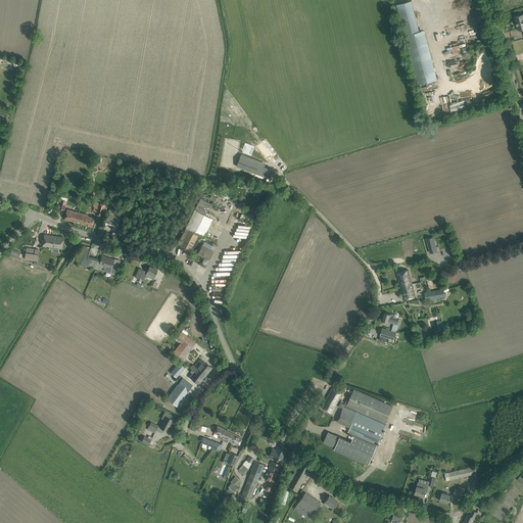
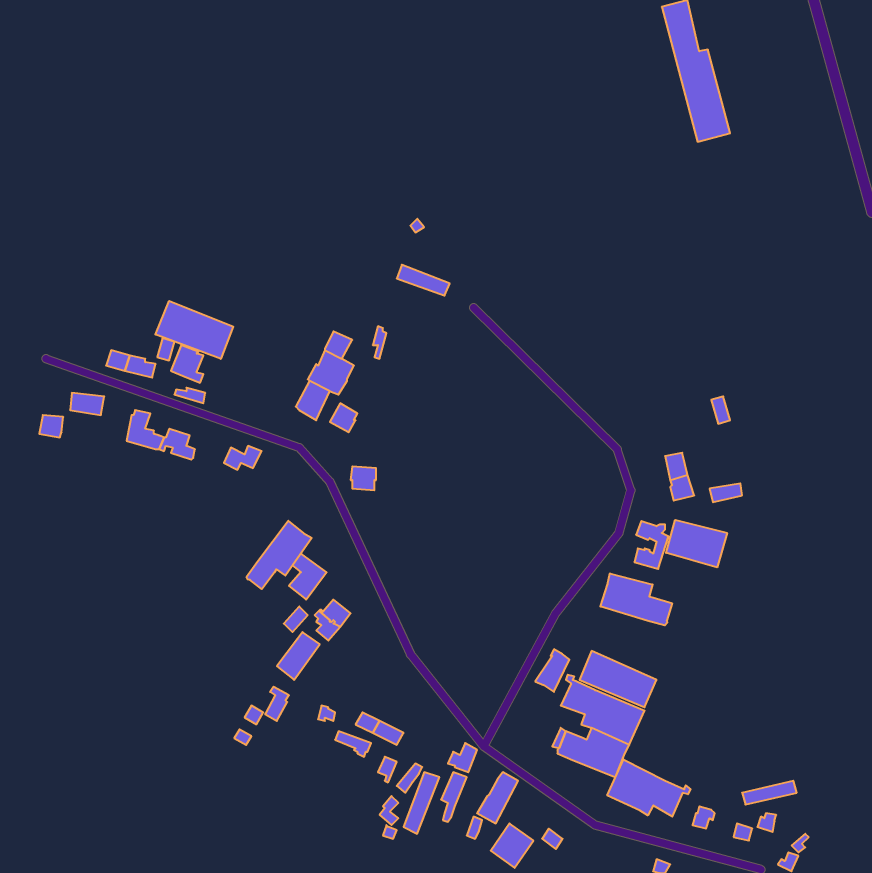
building: none -> [155,301,233,359]
building: none -> [666,520,727,567]
building: none -> [247,521,312,589]
building: none -> [600,573,672,625]
building: none -> [607,759,691,817]

